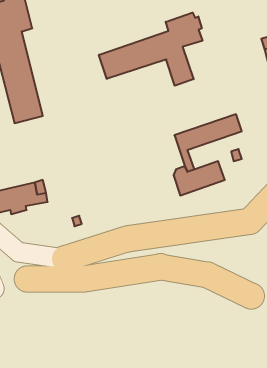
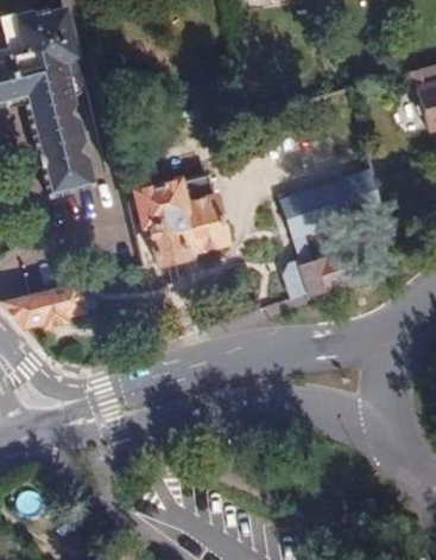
building: [99,13,202,86] -> none
building: none -> [134,174,227,266]

